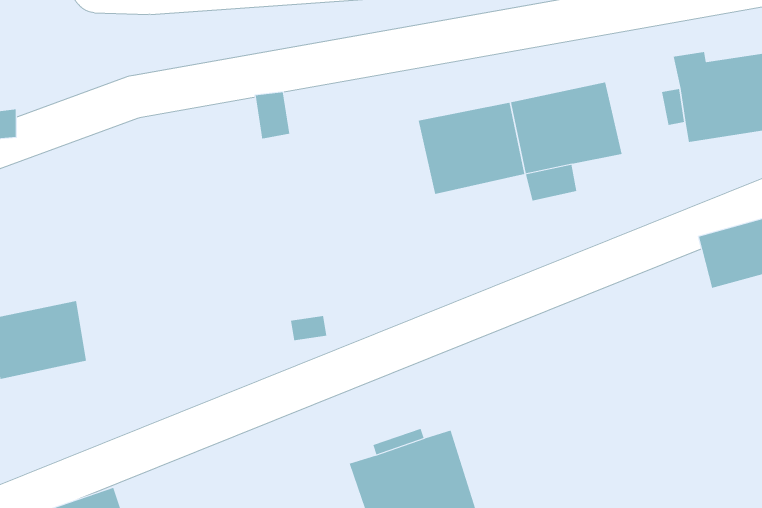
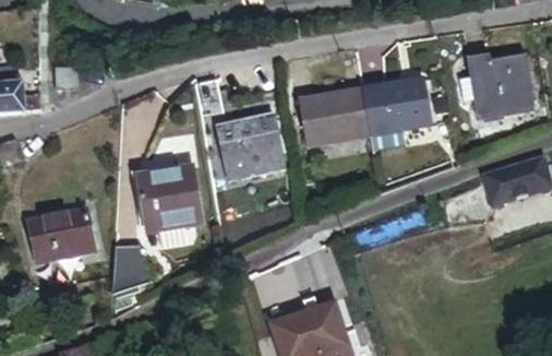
building: none -> [224,115,278,175]
building: none -> [134,166,201,228]
building: none -> [111,240,155,287]

